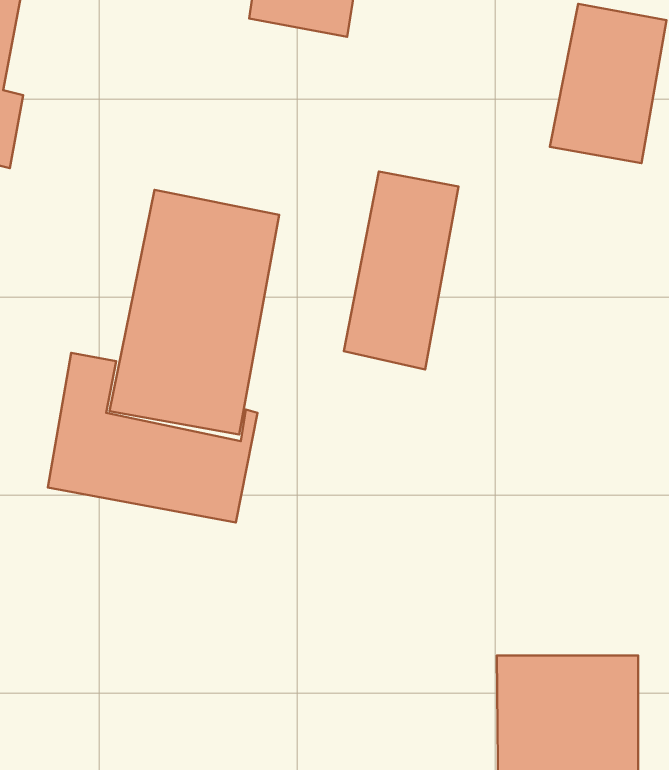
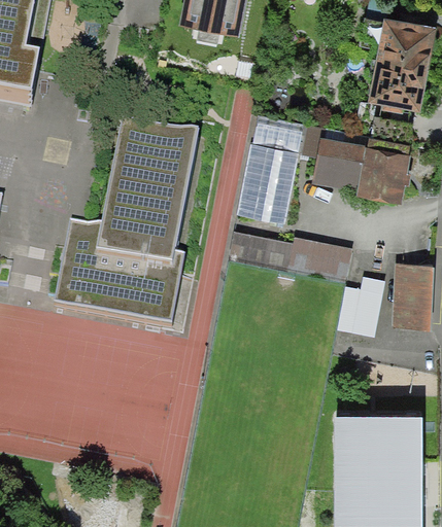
building: none -> [309,134,410,209]
building: none -> [234,232,349,272]
building: none -> [388,261,432,331]
building: none -> [336,276,385,340]

